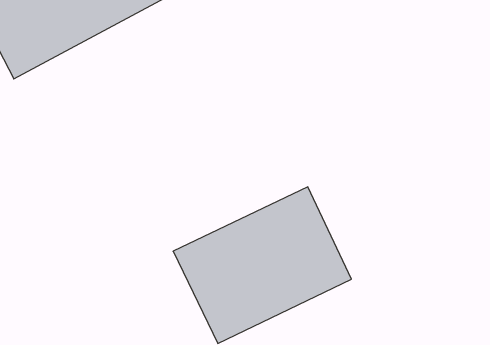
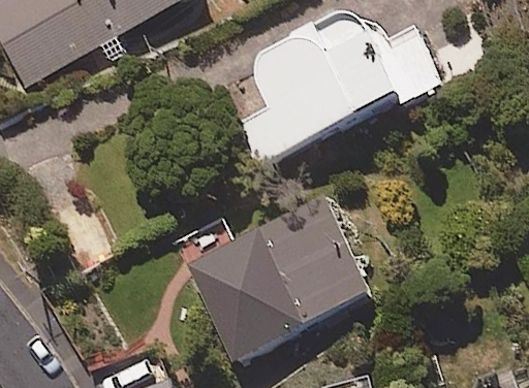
building: none -> [243,10,401,163]

